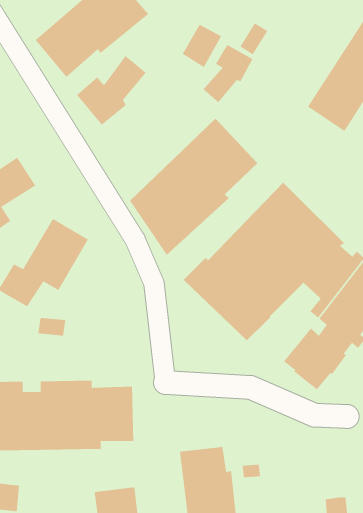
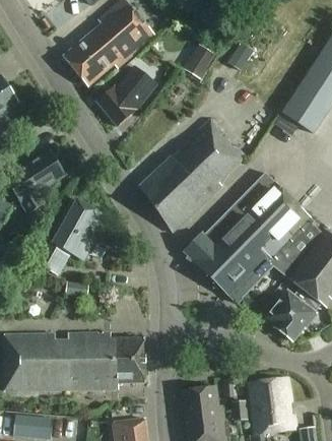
building: [202,44,253,103] -> none
building: none -> [246,377,296,435]

